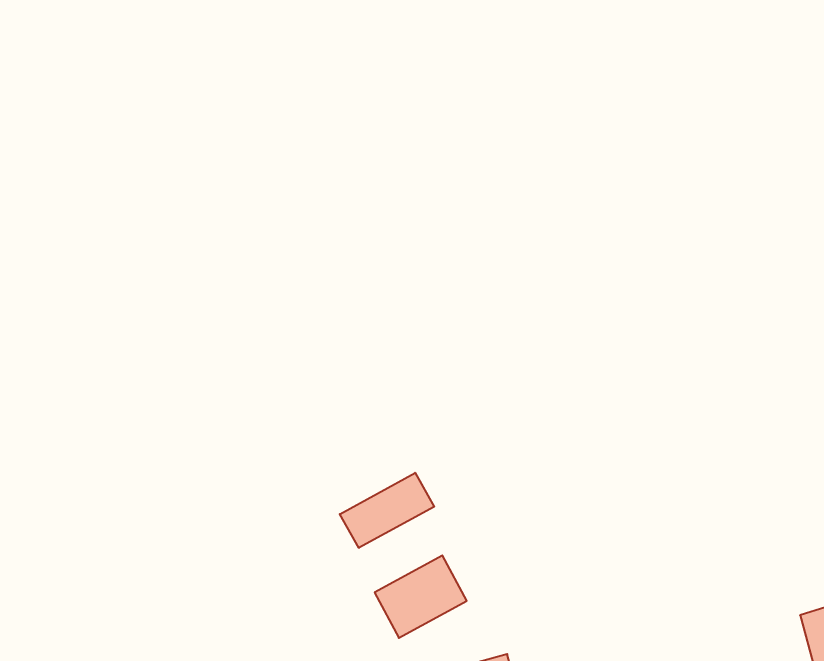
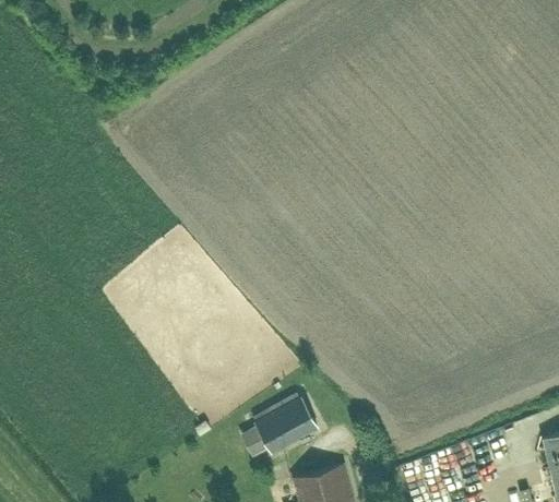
building: [340,473,434,548] -> none

